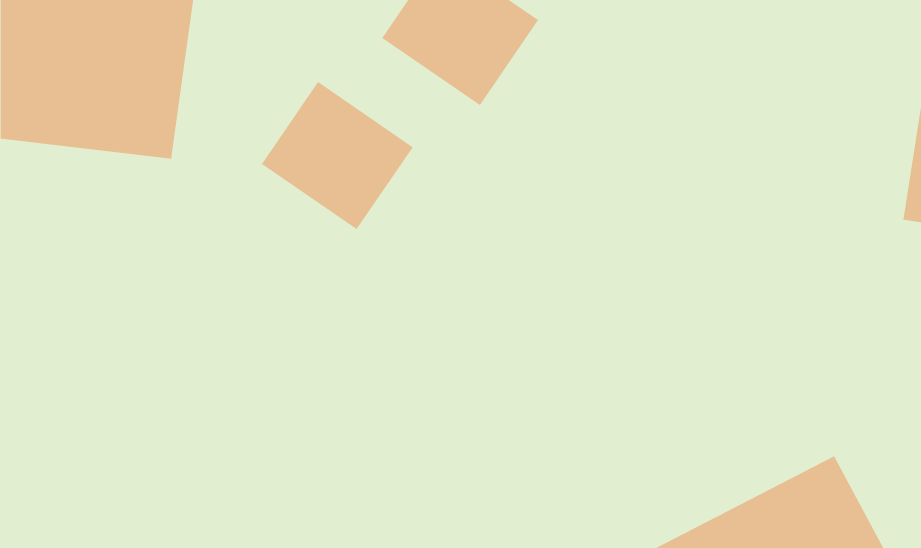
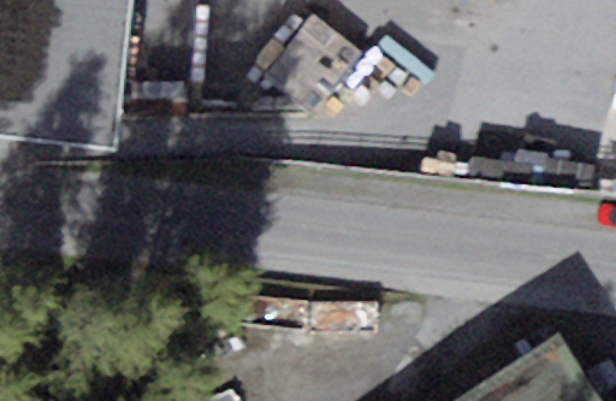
building: [261,81,414,230] -> none

